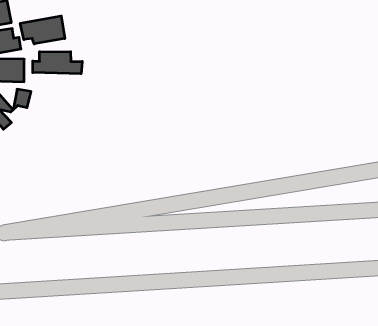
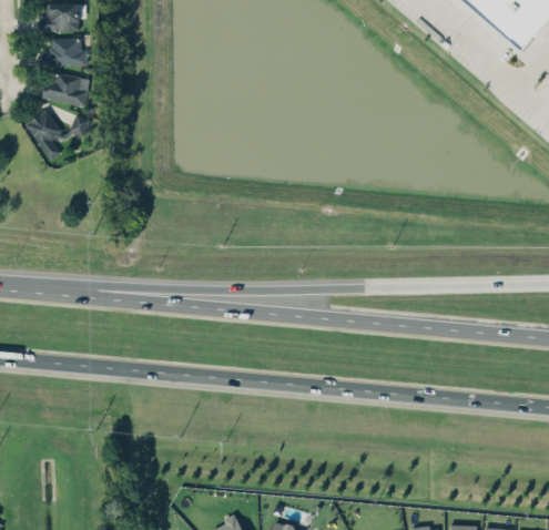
building: [20,16,65,44] -> none
building: [33,52,82,74] -> none

